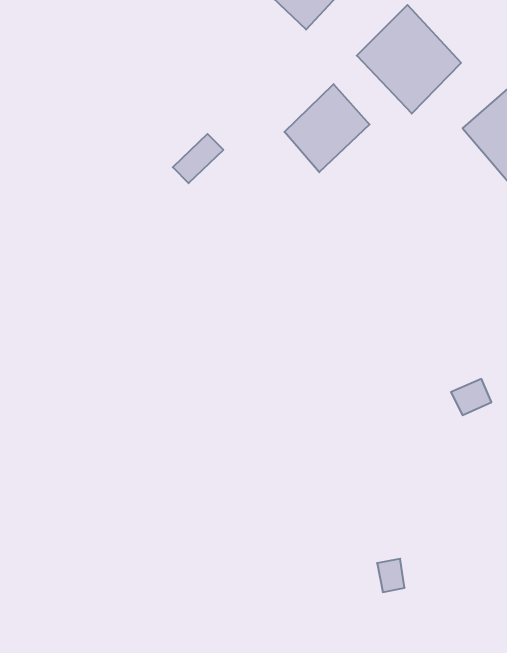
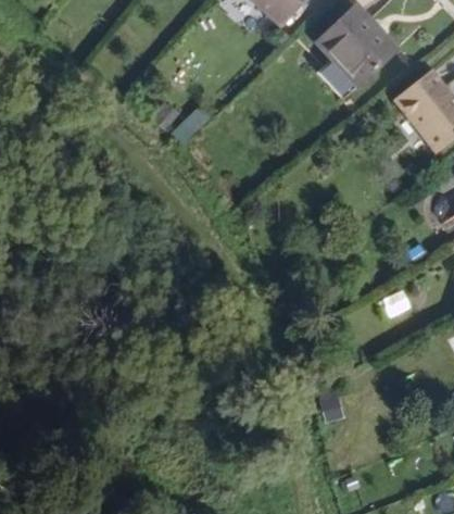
building: [284,84,370,172] -> none

